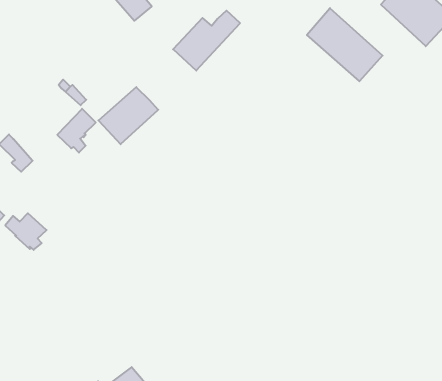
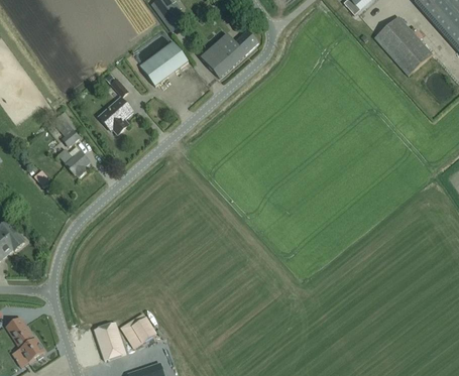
building: [307,8,383,81] -> none
building: [98,87,158,144] -> [138,40,188,86]
building: [5,213,47,250] -> [56,146,90,176]

